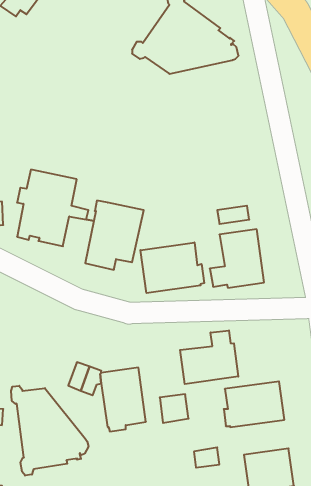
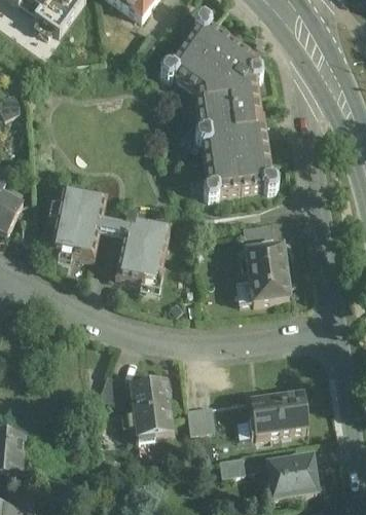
building: none -> [195,80,279,198]
building: [140,242,204,293] -> none
building: [180,330,238,384] -> none
building: [11,386,88,476] -> none

